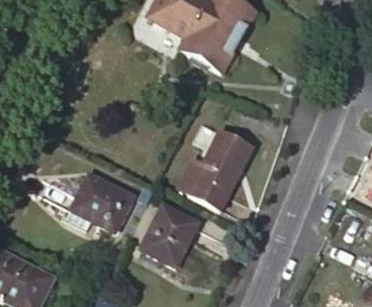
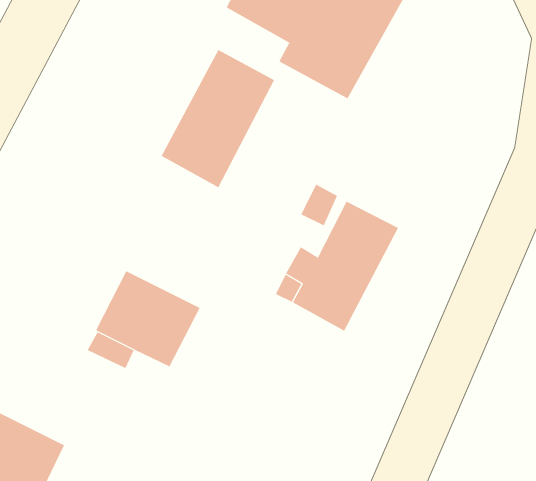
building: none -> [161,49,275,188]
building: [141,204,198,266] -> none

